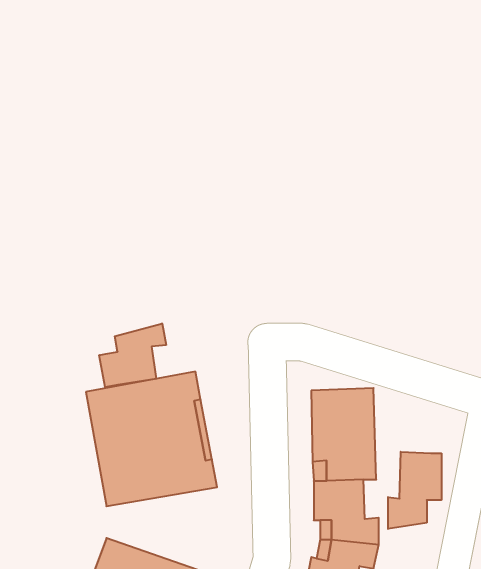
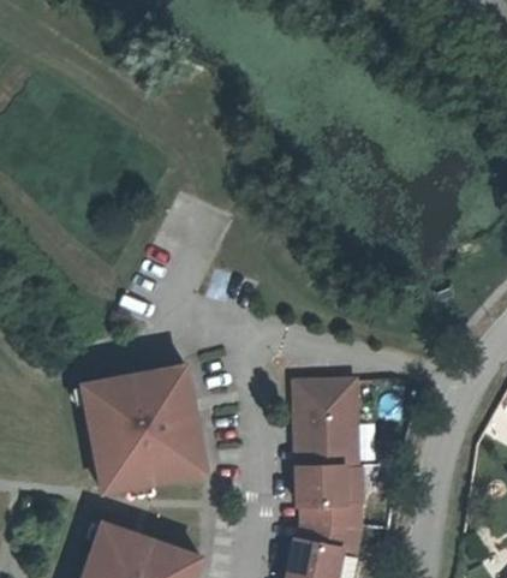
building: [99,323,166,387] -> none
building: [388,452,441,529] -> none

